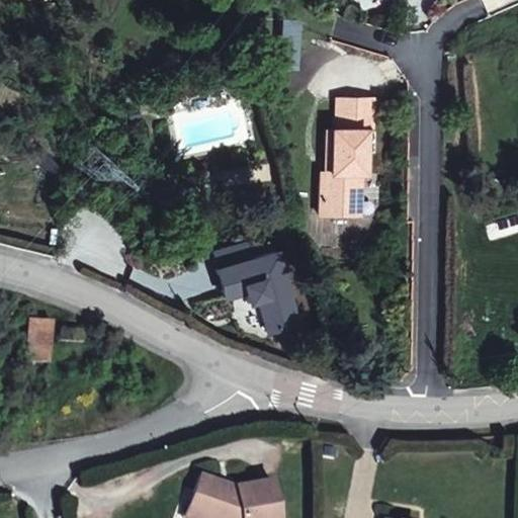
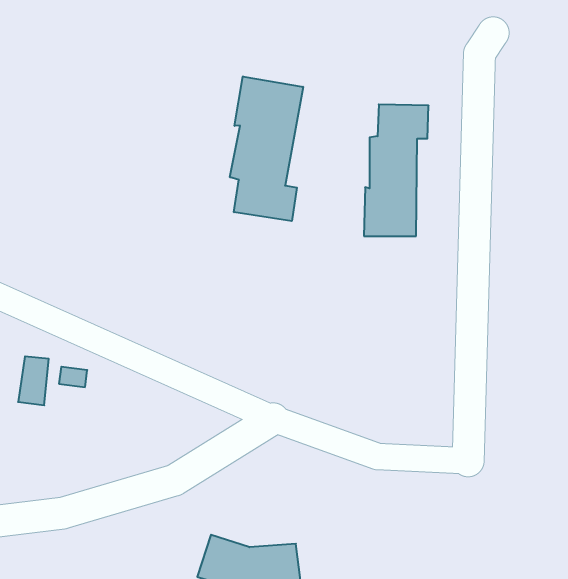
building: none -> [230,76,303,221]
building: [218,244,299,324] -> none

